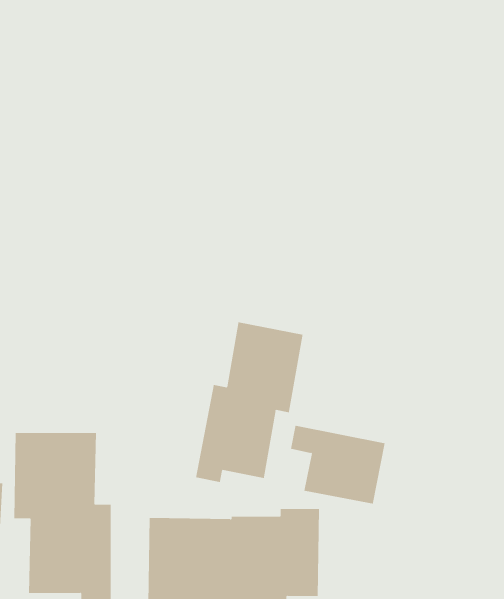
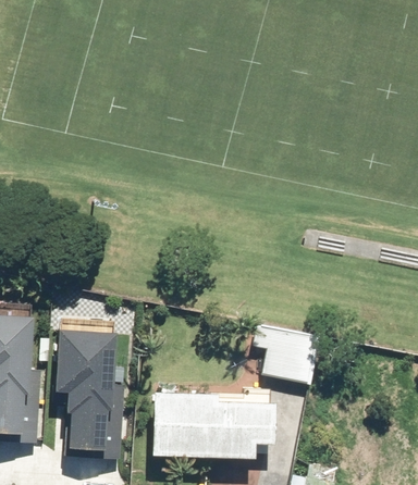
building: [195,321,303,483] -> none

